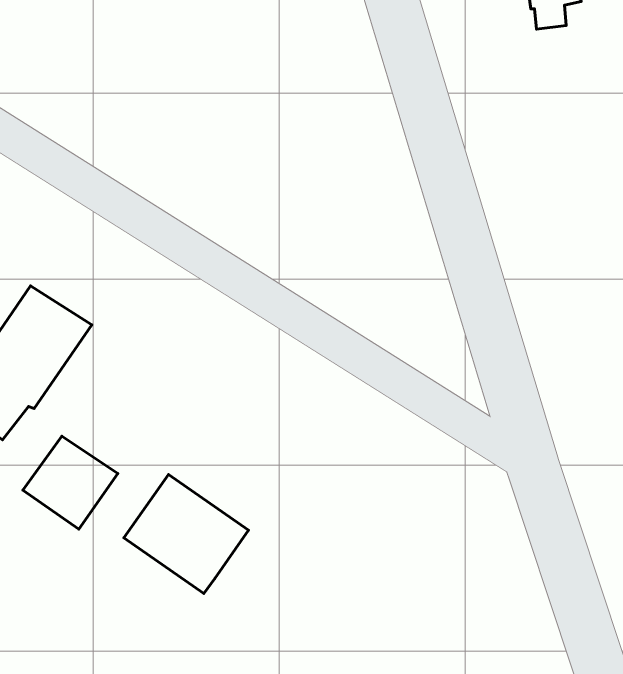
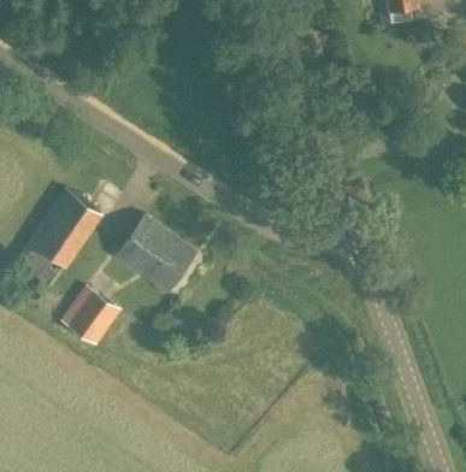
building: [124,474,248,593] -> [117,216,197,293]

